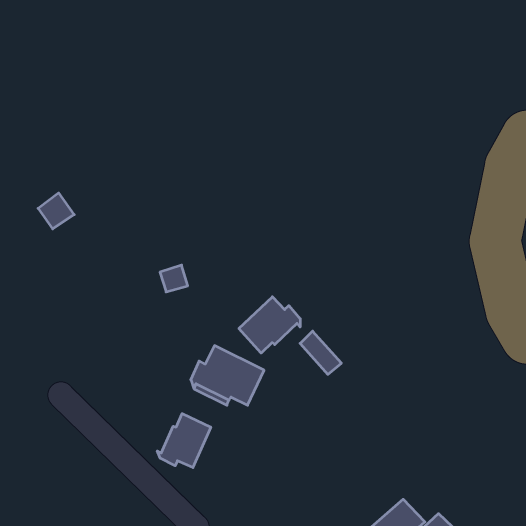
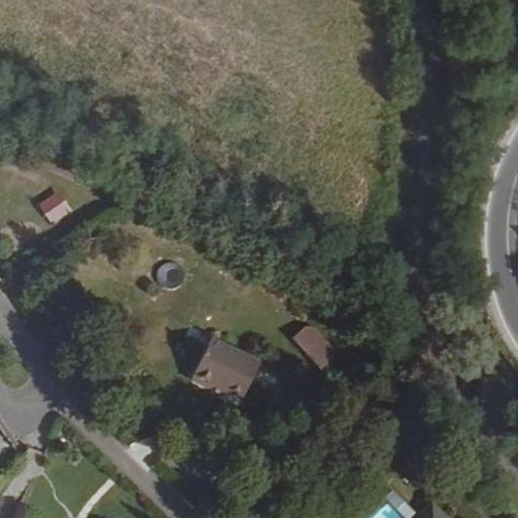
building: [239,297,300,353] -> none
building: [157,414,211,468] -> none

